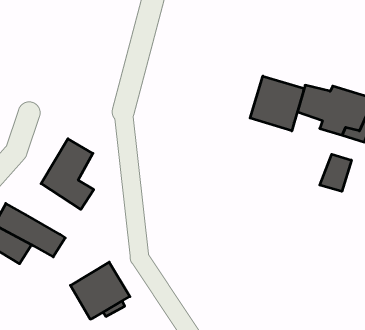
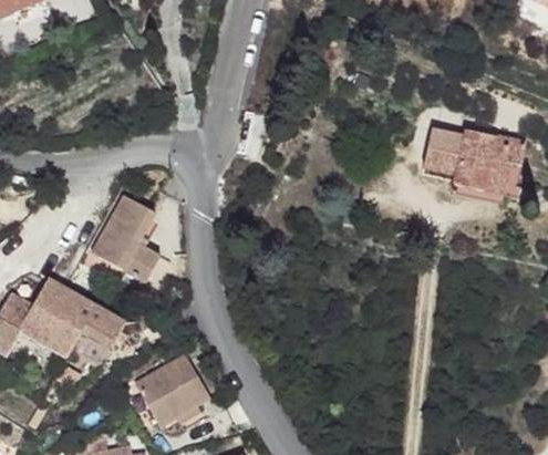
building: [250,76,304,131] -> none
building: [320,154,351,191] -> none

